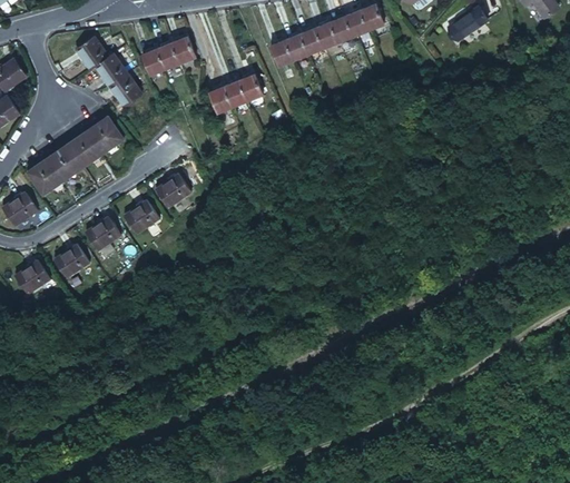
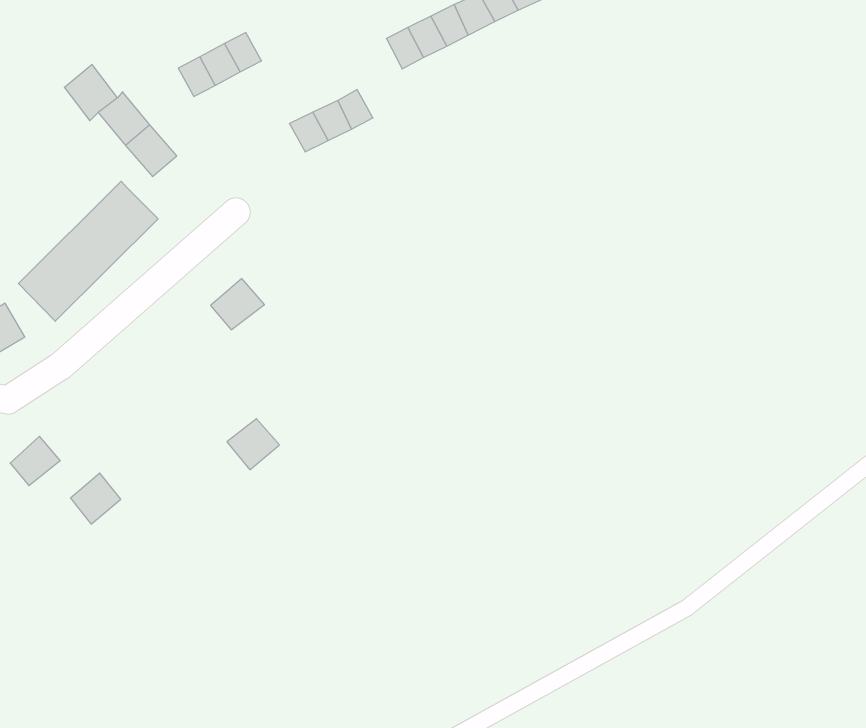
building: [124,207,155,237] -> [227,419,279,470]
building: [87,223,117,252] -> none
building: [61,249,91,279] -> [70,473,121,524]

